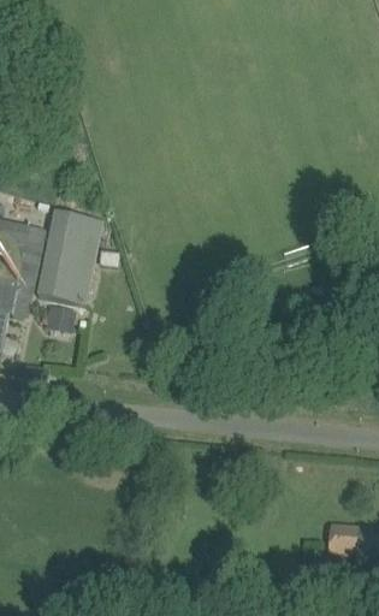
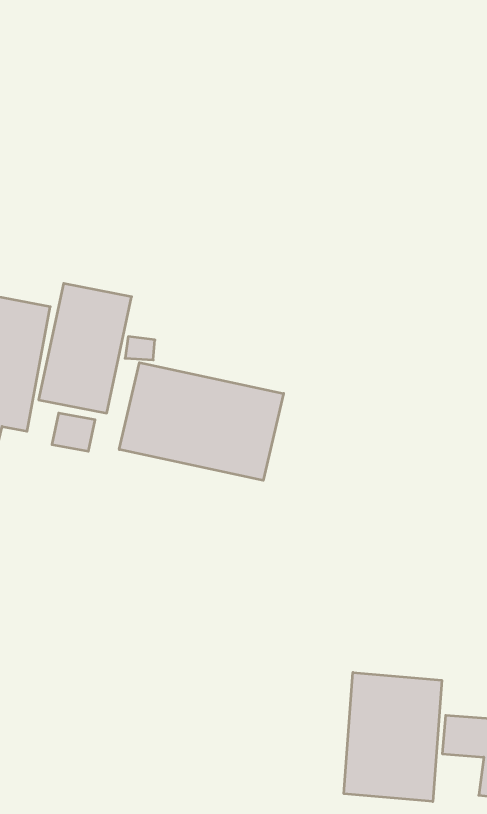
building: none -> [119,363,284,480]
building: none -> [344,672,442,802]

